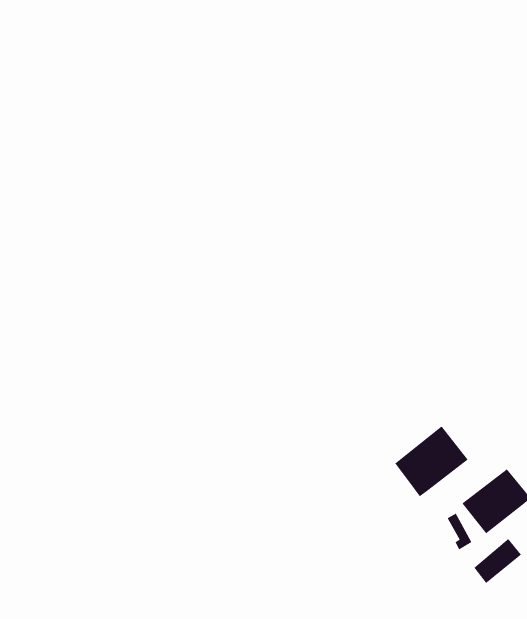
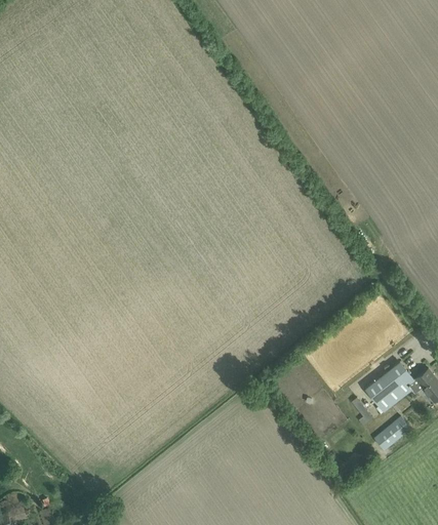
building: [394,425,469,497] -> none

